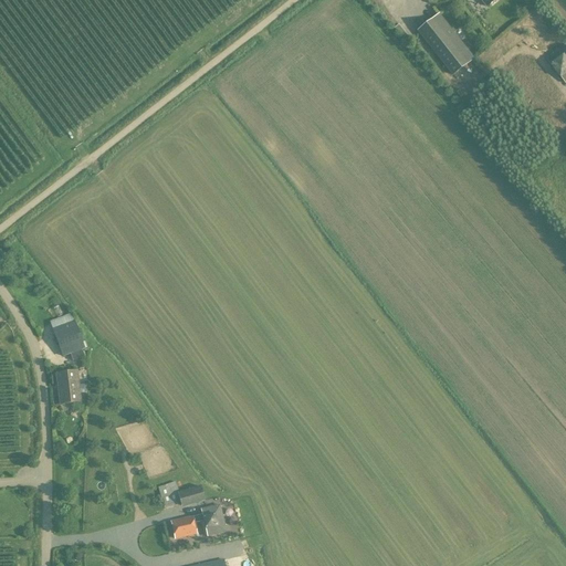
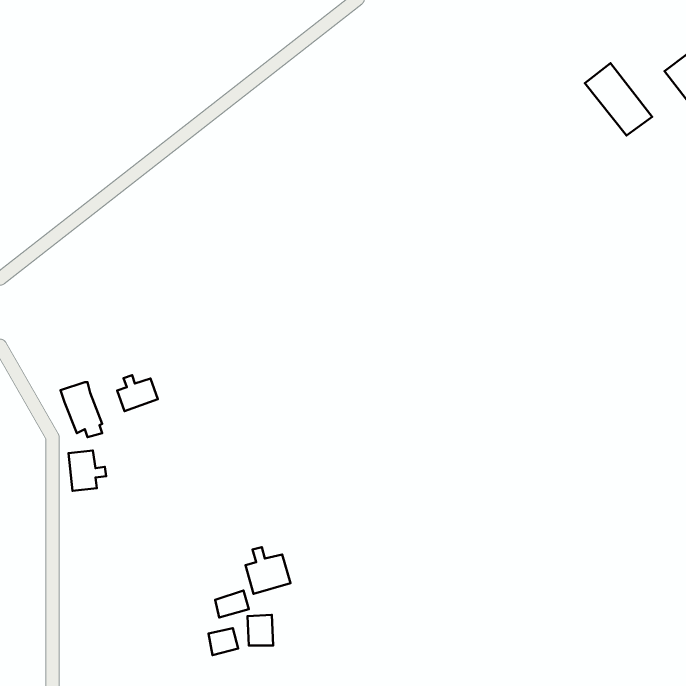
building: [418,13,473,73] -> [585,63,652,136]
building: none -> [117,375,158,411]
building: none -> [245,547,291,594]

